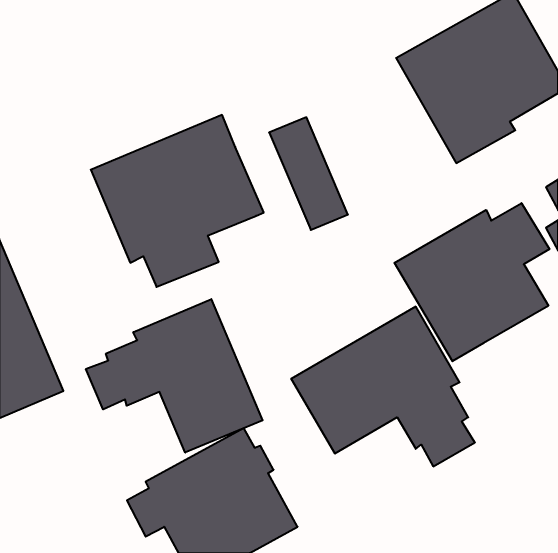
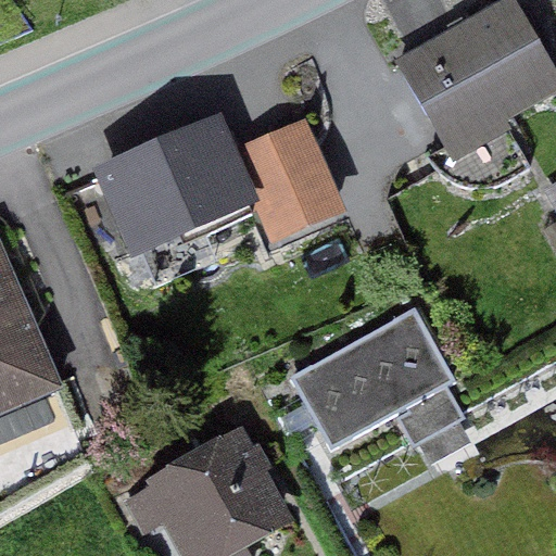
building: none -> [233,131,308,245]
building: [394,203,549,361] -> none
building: [86,299,263,453] -> none

